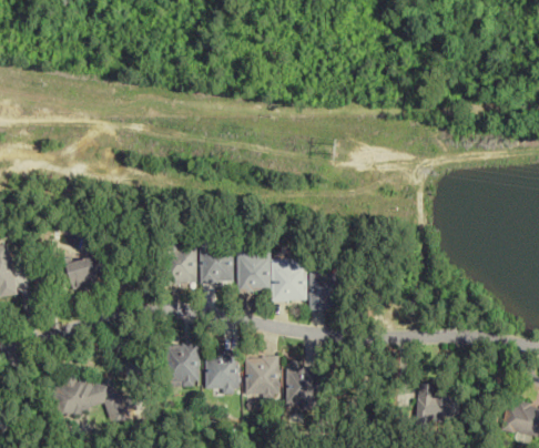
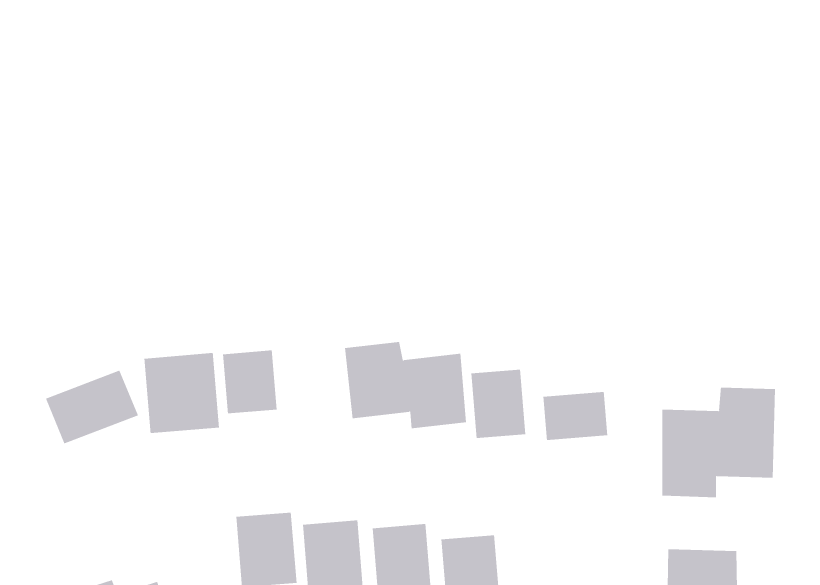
building: [201,246,234,284] -> none
building: none -> [144,352,219,434]
building: none -> [543,391,608,441]
building: none -> [662,387,775,498]

